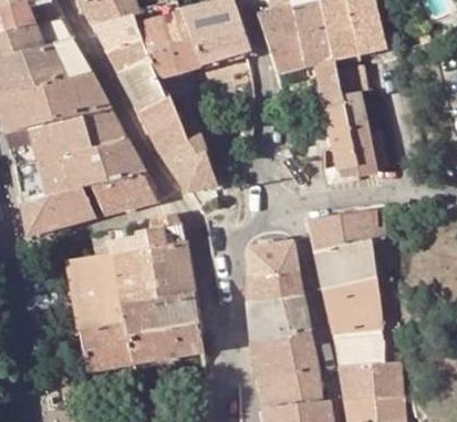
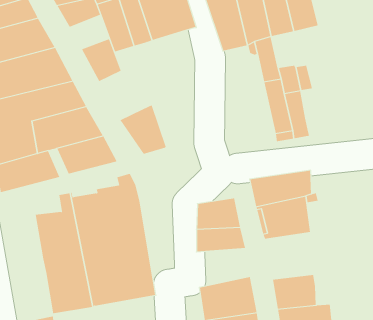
building: [105,35,150,74] -> none
building: [138,97,187,154] -> none
building: [324,280,382,333] -> none
building: [248,298,309,342] -> none

